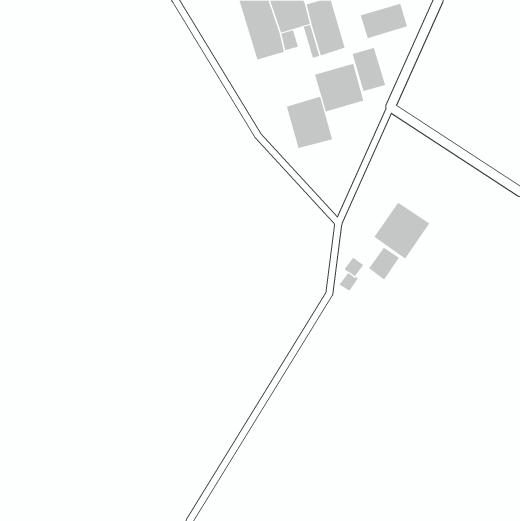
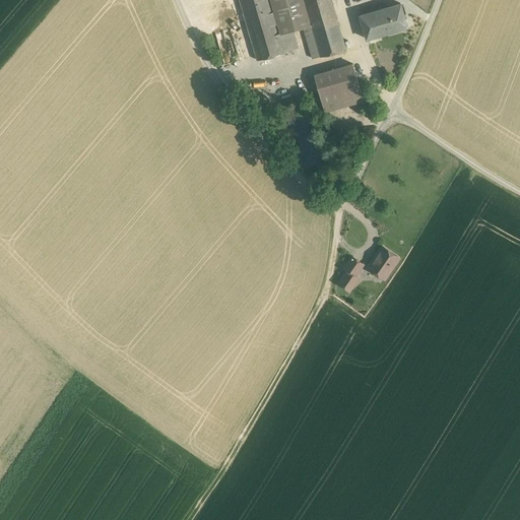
building: [352,47,386,92] -> none
building: [286,96,333,149] -> none
building: [374,202,430,259] -> none

